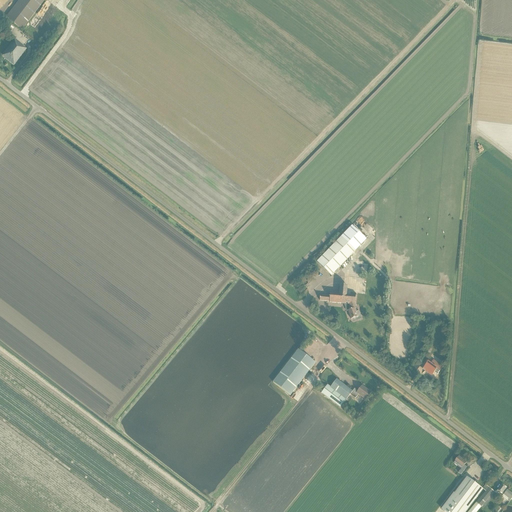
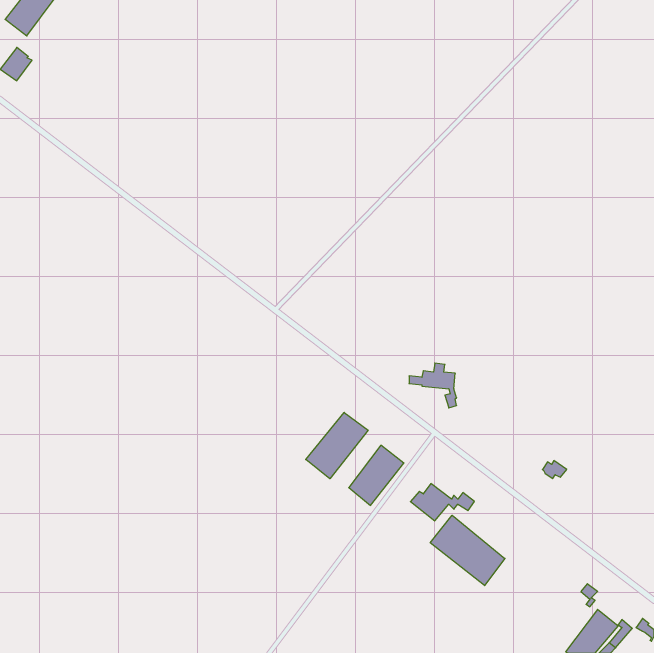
building: [316,224,365,274] -> none
building: none -> [306,412,368,479]
building: none -> [430,515,505,586]

